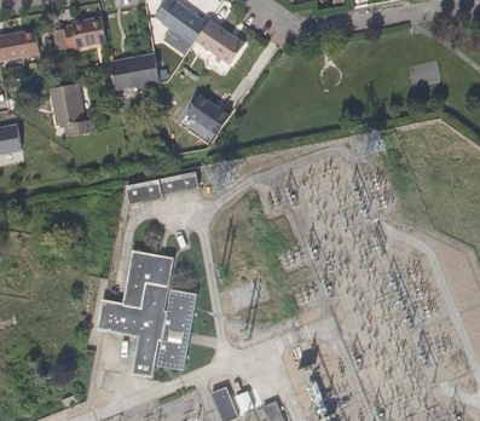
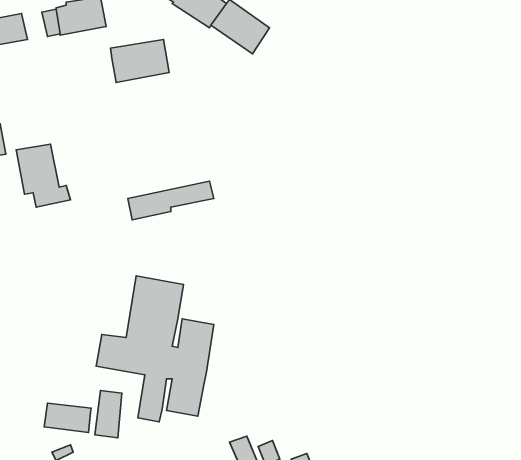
building: [50,83,96,137] -> [16,144,71,207]
building: [175,91,231,145] -> none
building: none -> [44,403,91,432]

